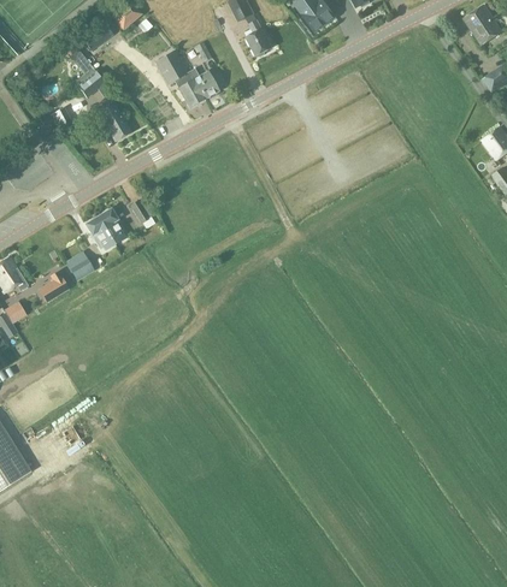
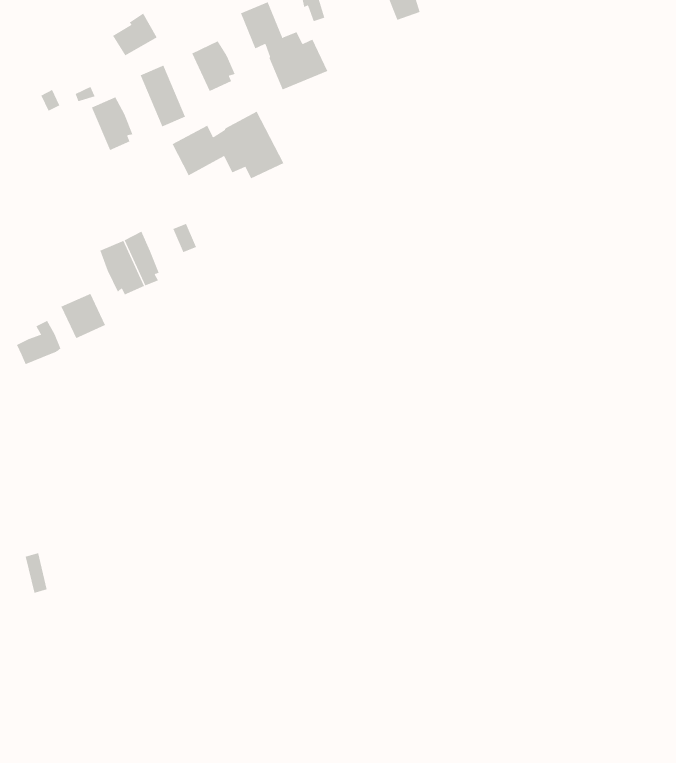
building: none -> [191,40,235,92]
building: none -> [172,111,284,179]
building: none -> [91,96,133,151]

